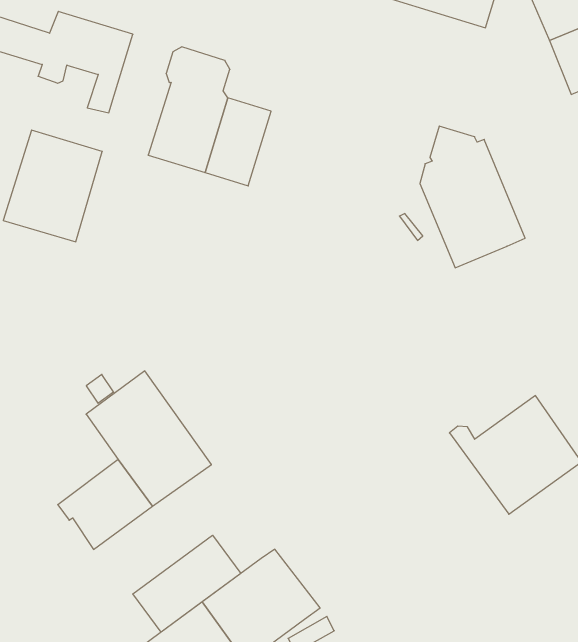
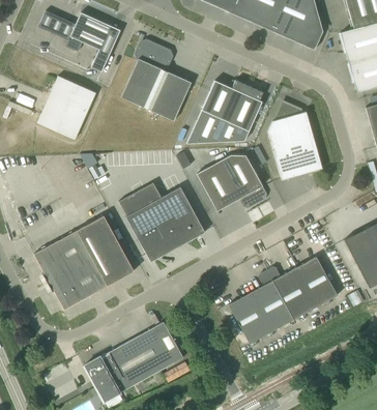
building: none -> [185,80,262,143]
building: none -> [196,154,266,210]
building: none -> [118,183,205,262]
building: none -> [33,235,83,283]
building: none -> [228,270,293,344]
building: [133,535,241,632] -> none

